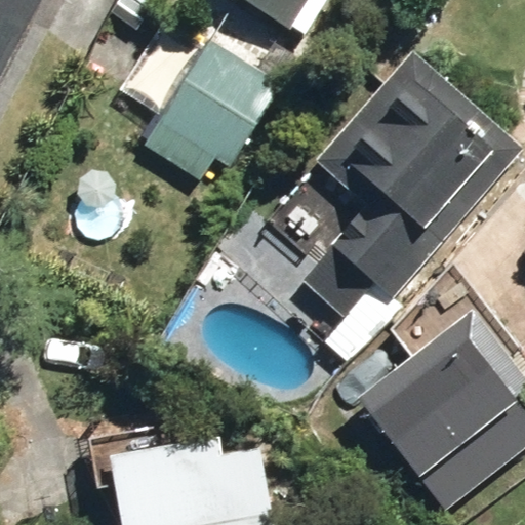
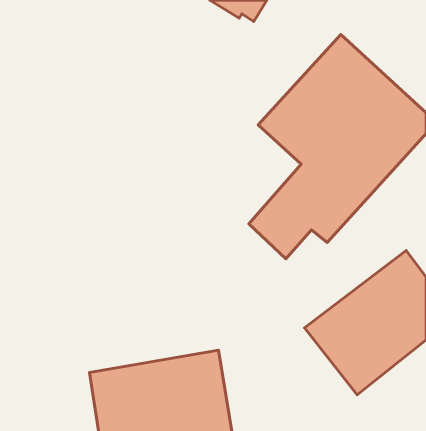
building: [171,30,308,166] -> none

